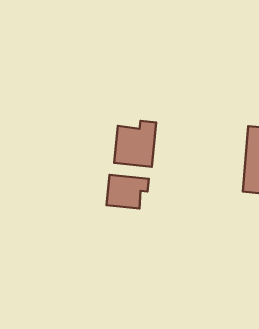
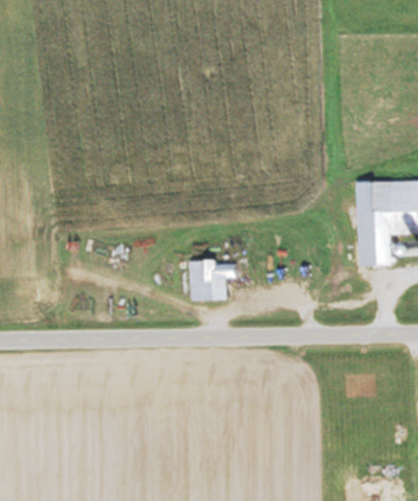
building: [114,121,156,167] -> none

